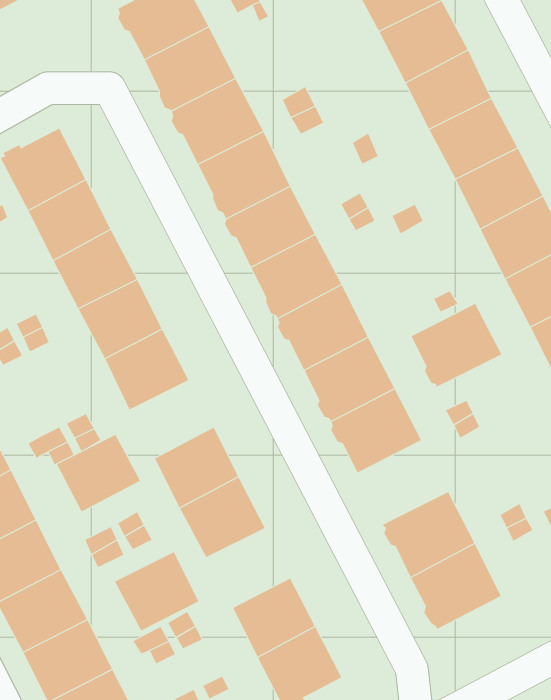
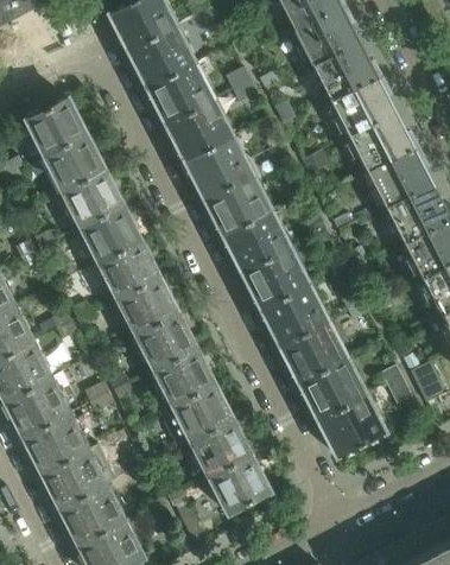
building: [411,303,502,388] -> [279,320,344,381]
building: [56,434,141,512] -> [116,278,177,334]
building: [114,552,199,631] -> [171,383,232,440]

